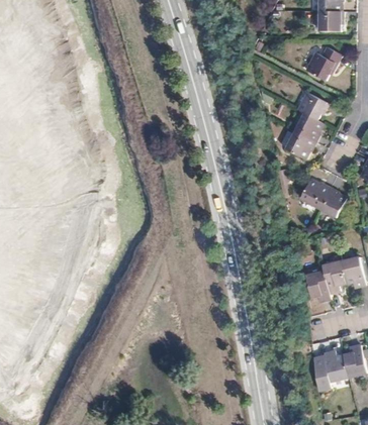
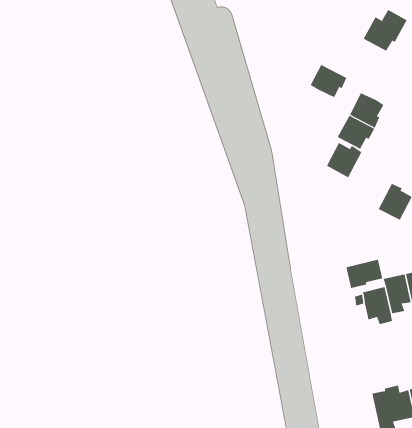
building: [296,92,327,119] -> [310,64,347,98]
building: [299,179,329,208] -> [326,142,362,178]
building: none -> [346,259,383,289]

